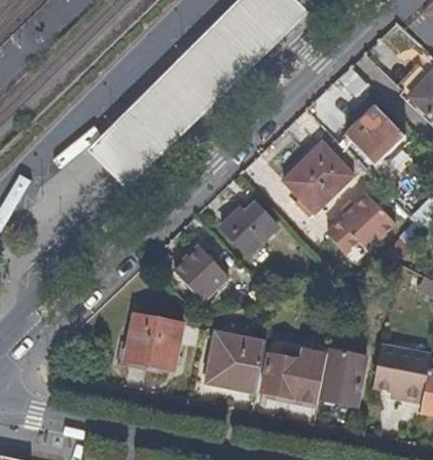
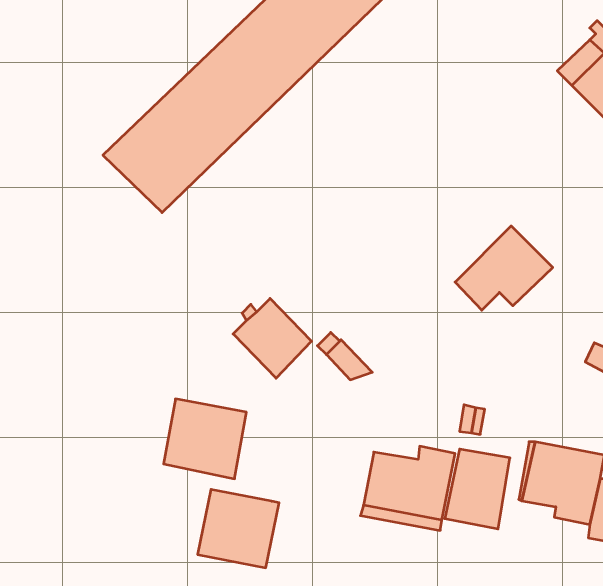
building: [346,107,405,169] -> none
building: [285,144,354,214] -> none
building: [220,204,277,255] -> none
building: [210,335,266,390] -> [198,489,279,568]

